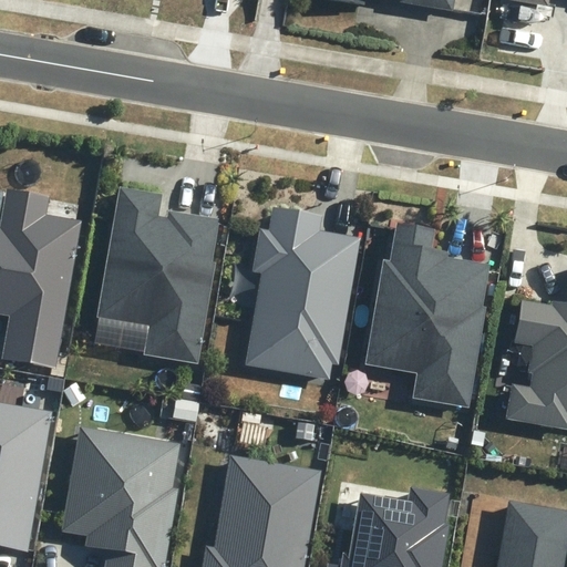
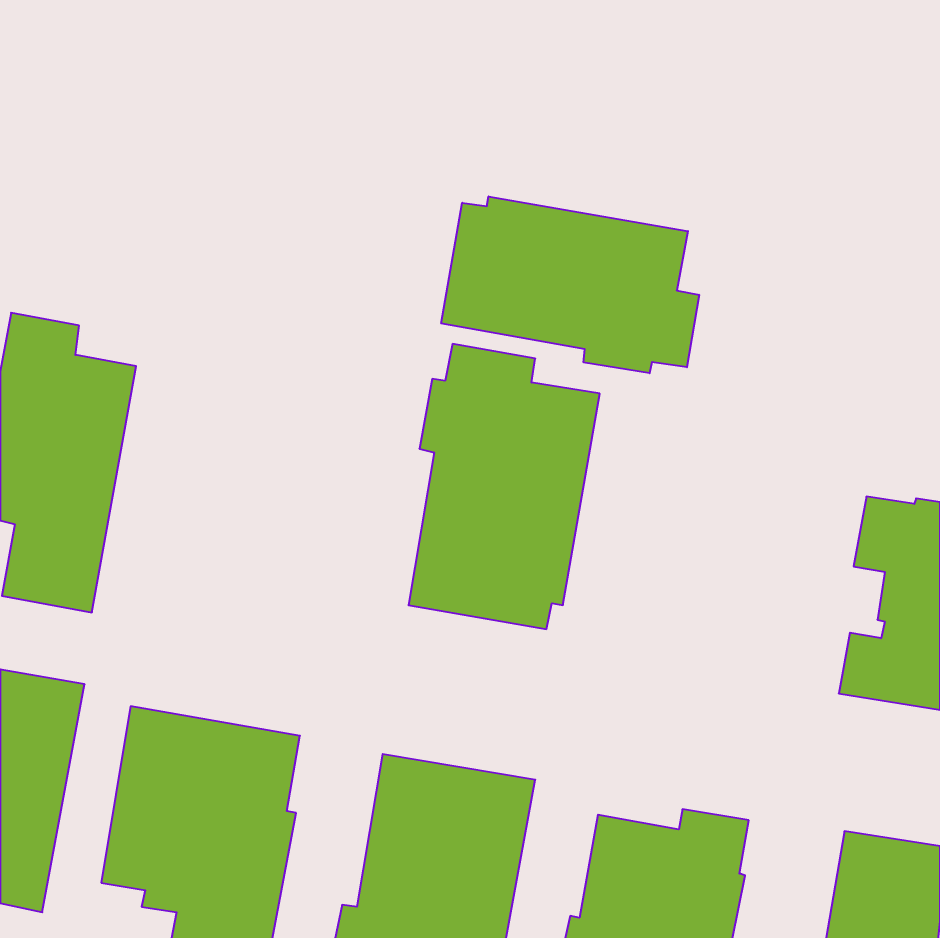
building: none -> [441,196,699,373]
building: [95,185,219,364] -> none
building: [364,221,492,410] -> none

